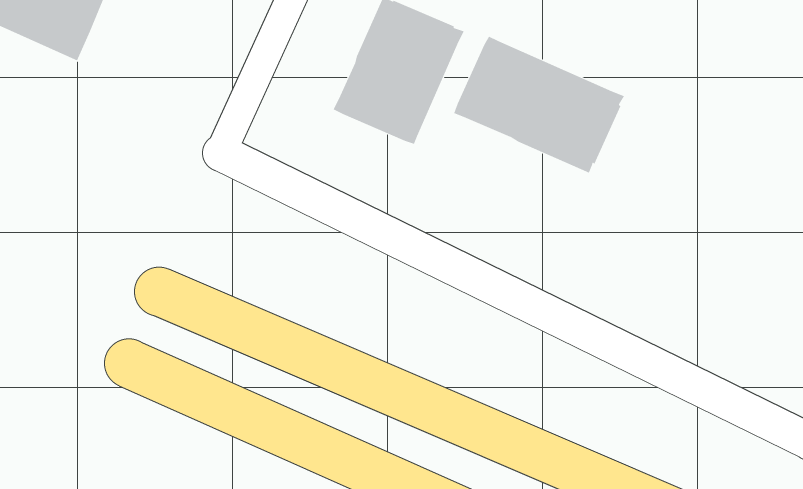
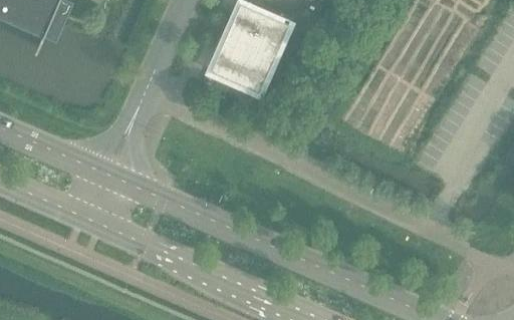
building: [453,36,625,174] -> none

